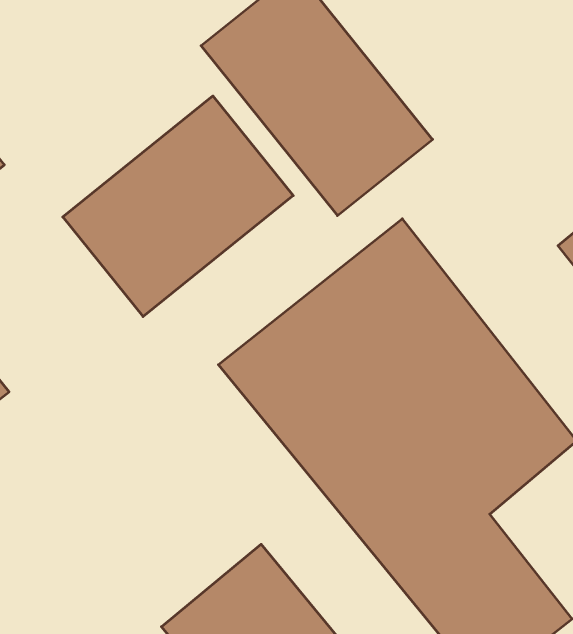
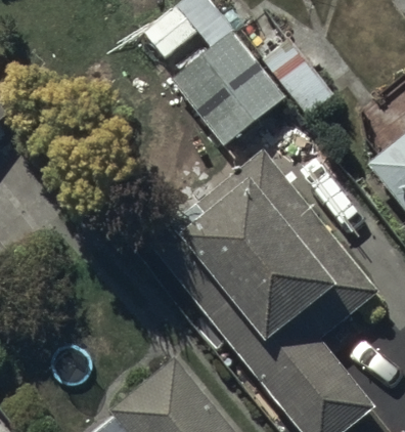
building: [63,96,293,317] -> none

